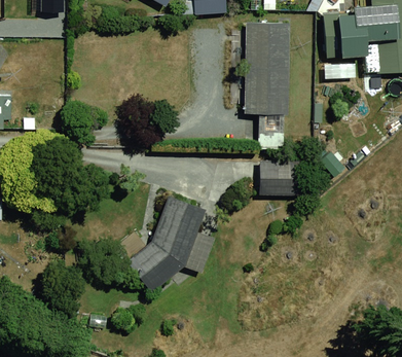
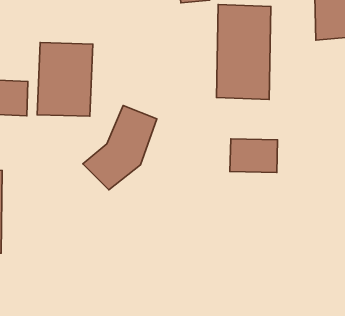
building: none -> [37,42,93,116]
building: [125,199,205,289] -> [83,105,157,190]

